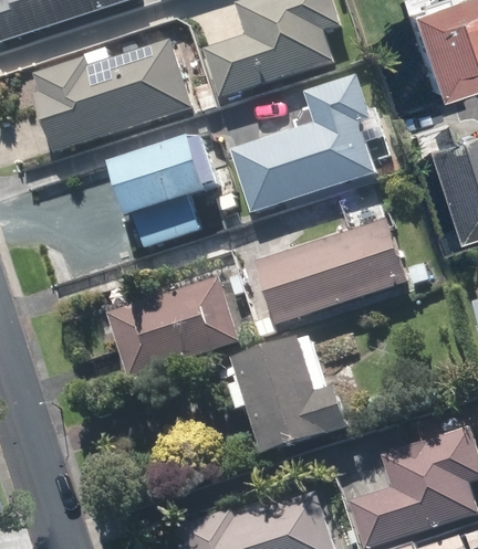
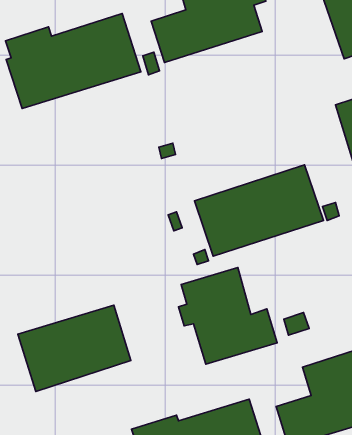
building: [230,75,375,213] -> none
building: [116,137,224,246] -> none
building: [106,278,239,380] -> [18,305,131,392]

